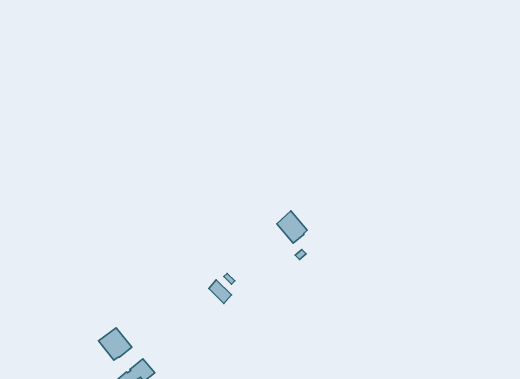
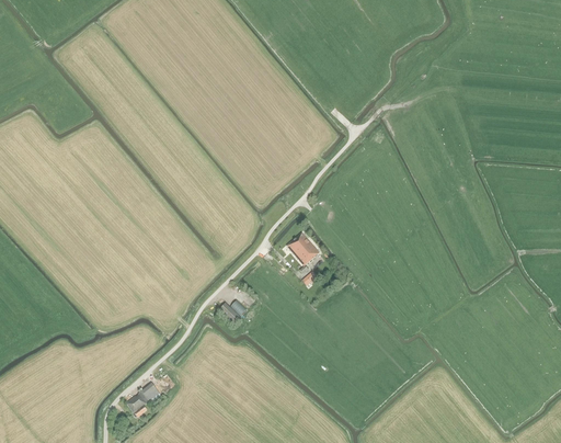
building: [99,328,132,360] -> none

